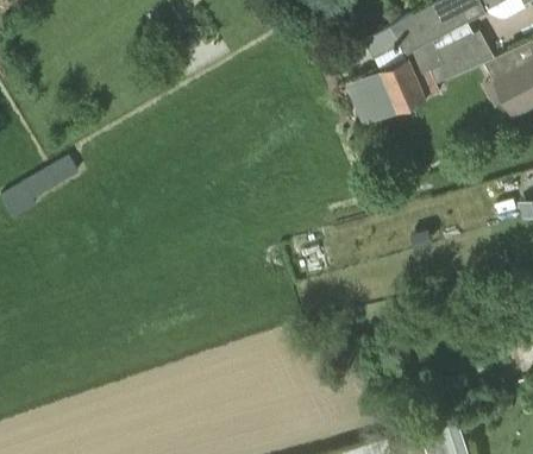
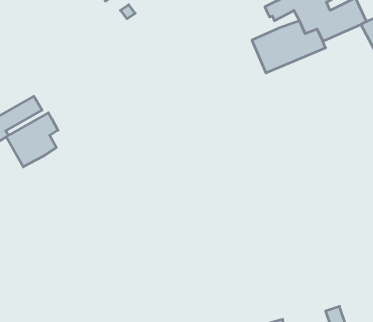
building: none -> [6,113,58,167]

